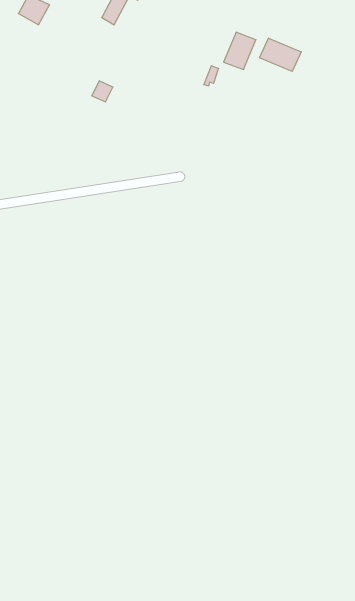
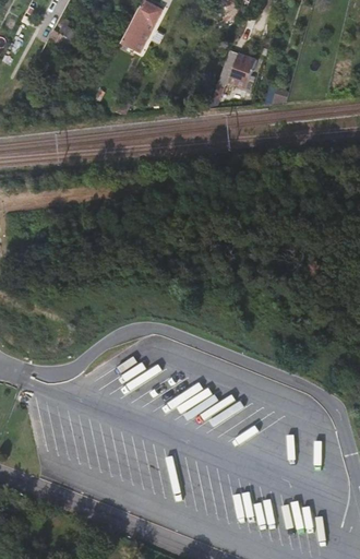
building: [260,38,301,71] -> none

